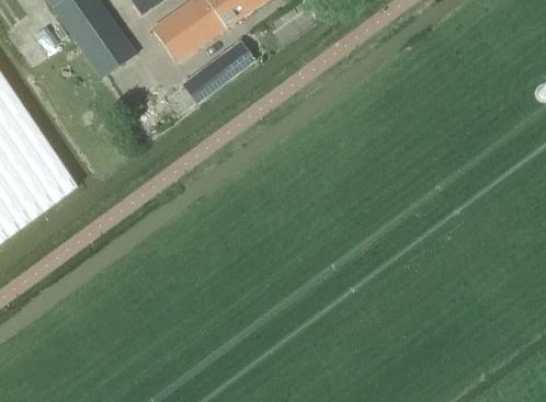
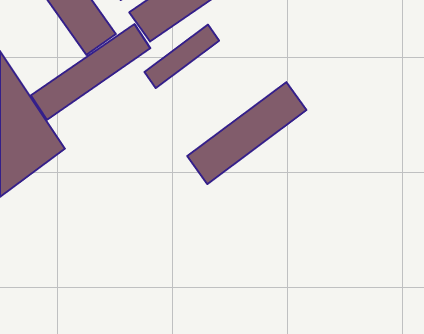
building: none -> [31,24,150,120]
building: none -> [187,82,306,184]

